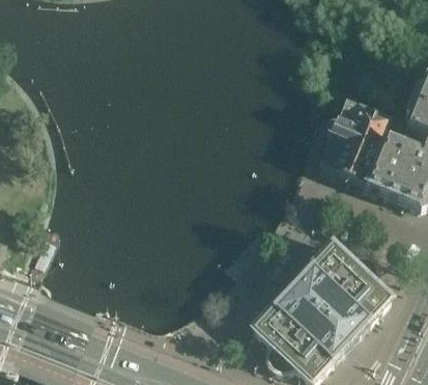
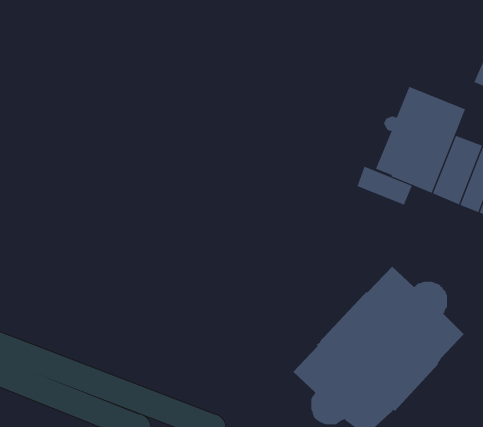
building: none -> [357,166,413,206]

